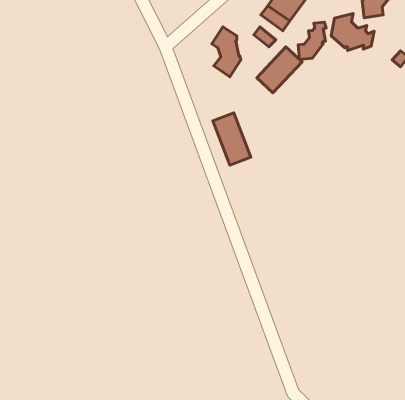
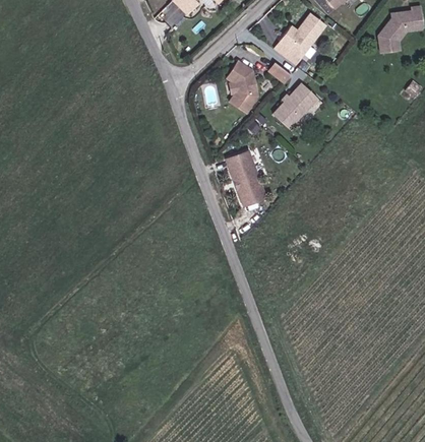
building: [331,13,374,51] -> none
building: [298,22,326,60] -> none

